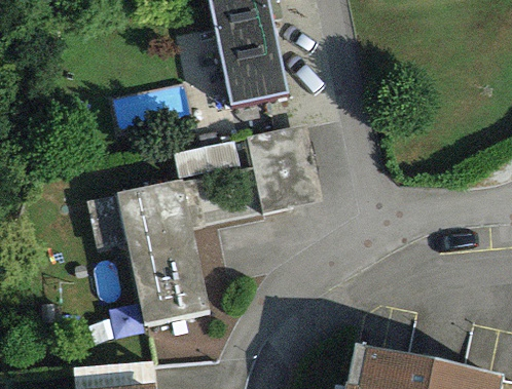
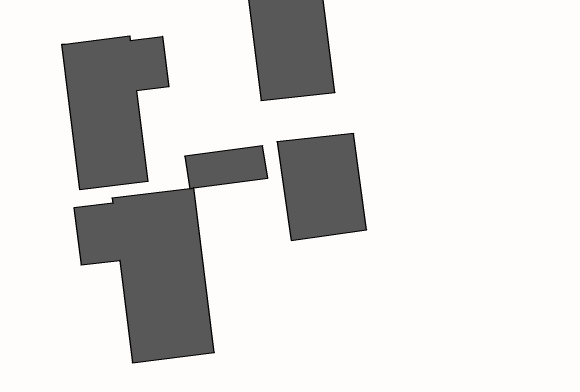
building: none -> [62,36,169,190]

